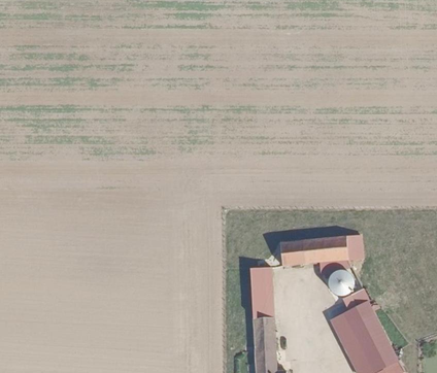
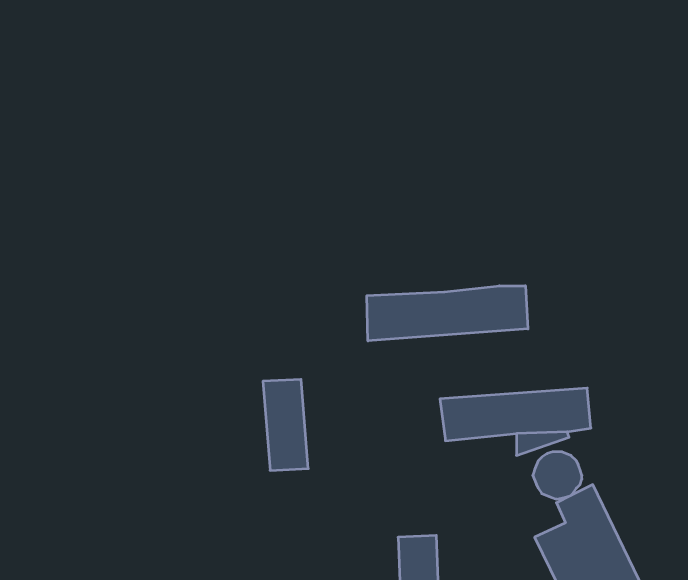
building: none -> [367,286,528,341]
building: [249,269,275,320] -> [263,379,308,470]

